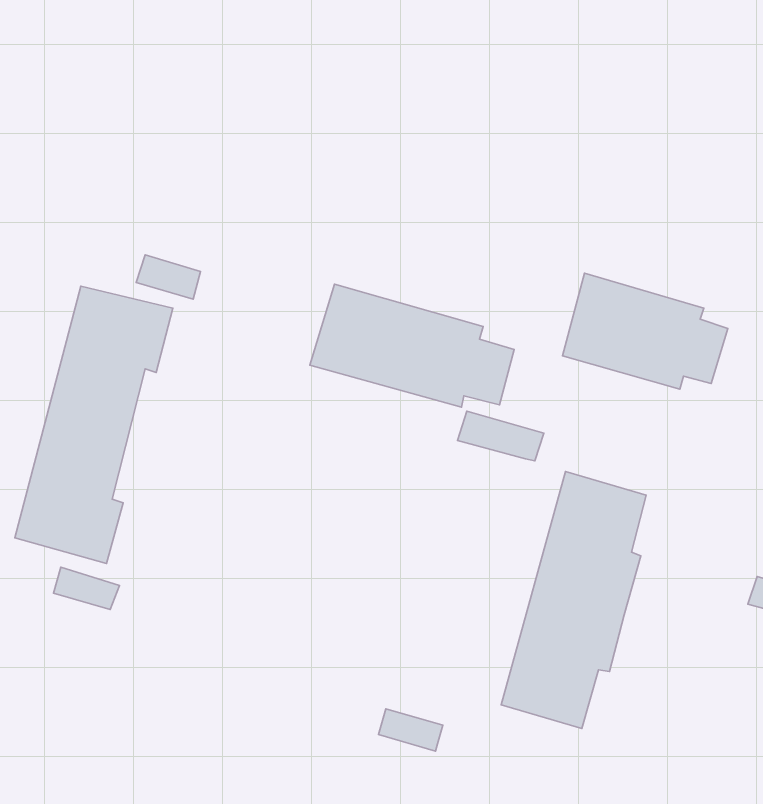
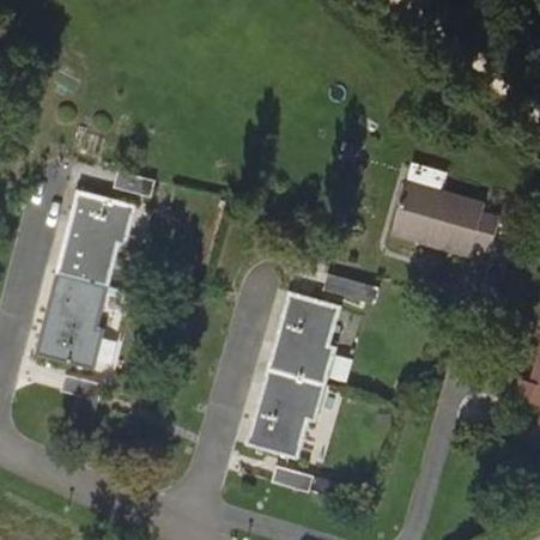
building: [310,284,514,407] -> none
building: [501,471,646,729] -> [247,291,341,459]

